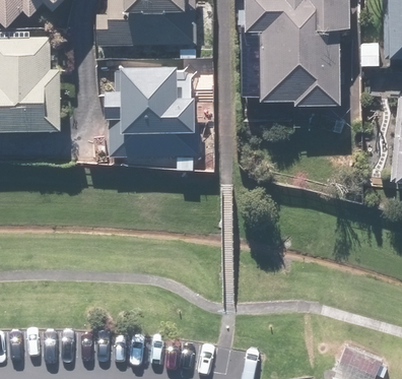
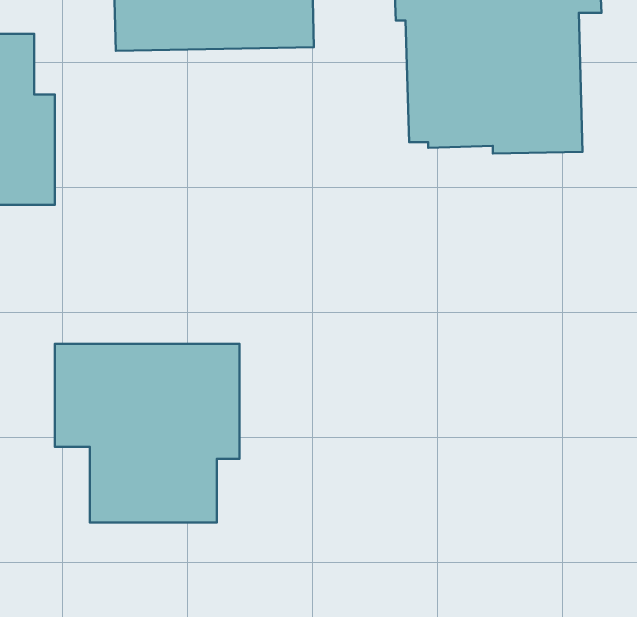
building: [110,68,201,161] -> none
building: none -> [55,344,240,522]

